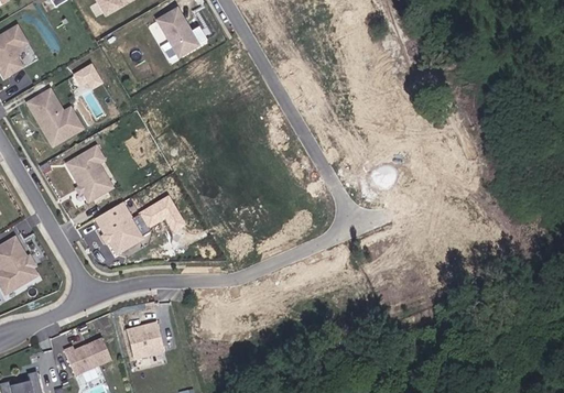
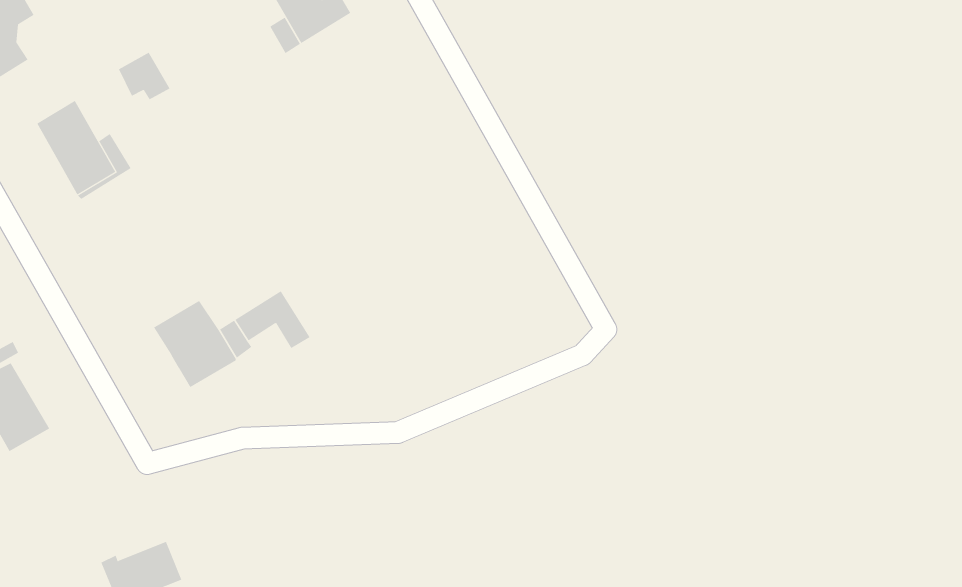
building: [65,145,112,200] -> none
building: [128,324,163,360] -> none

